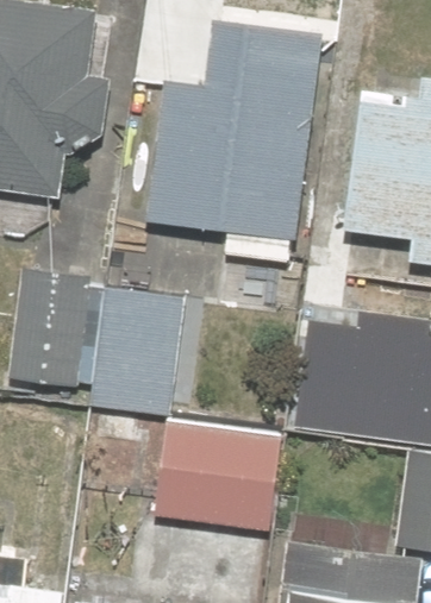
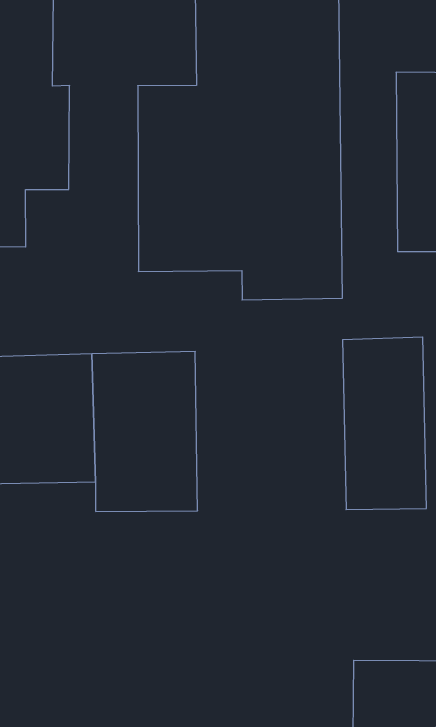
building: [152,415,280,530] -> none

